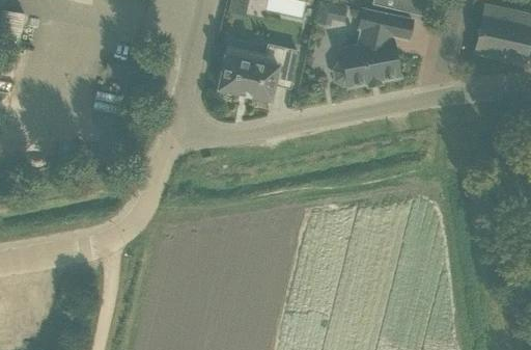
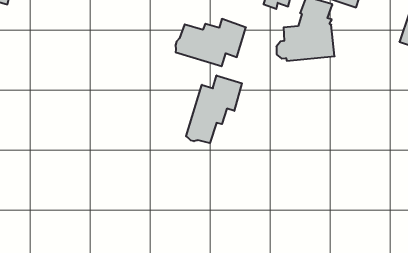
building: none -> [186,75,242,143]

